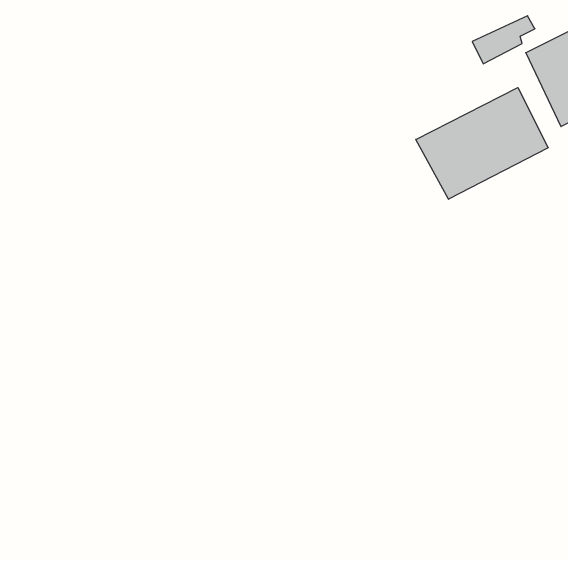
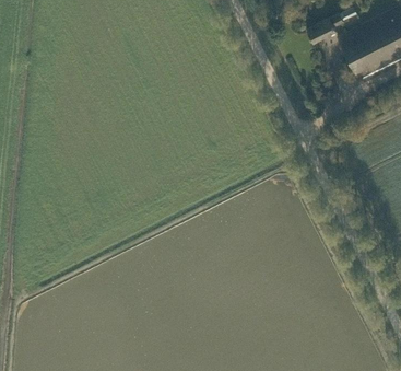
building: [416,88,548,199] -> none

